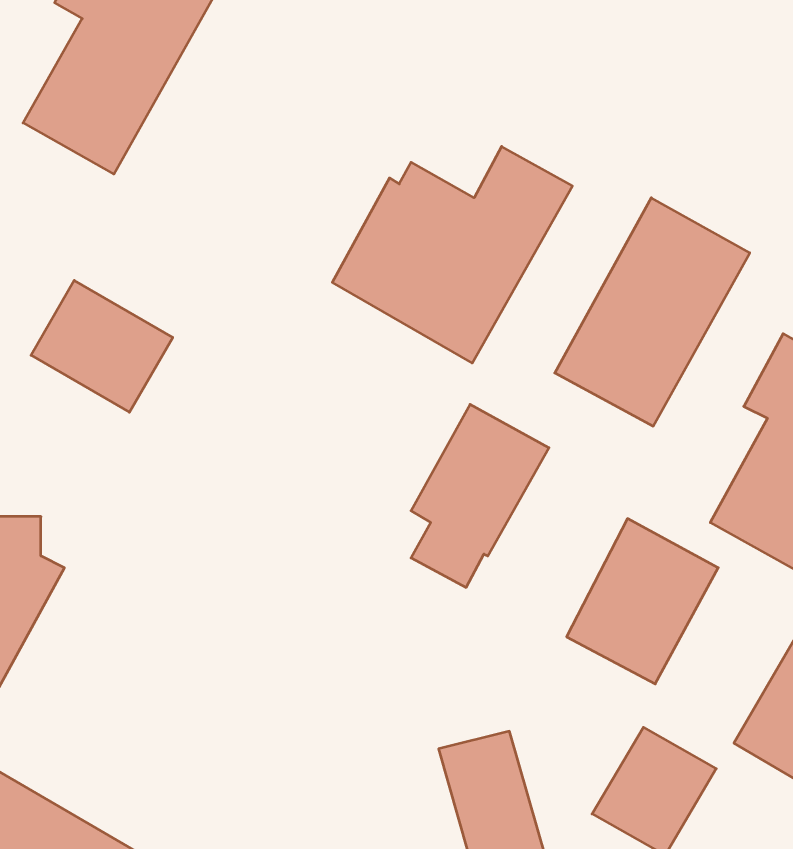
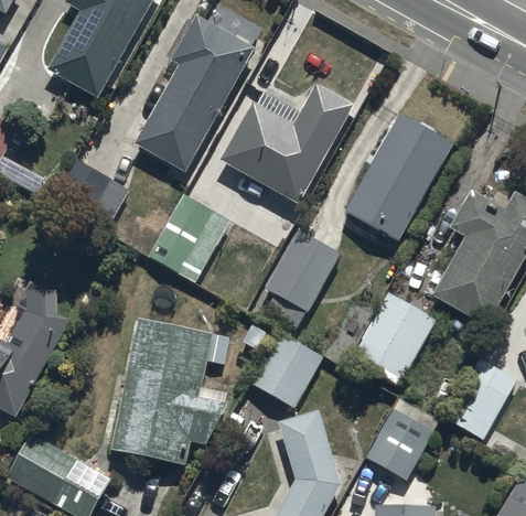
building: none -> [135,17,255,173]
building: none -> [147,194,230,283]
building: none -> [110,319,227,465]
building: none -> [249,332,322,408]

